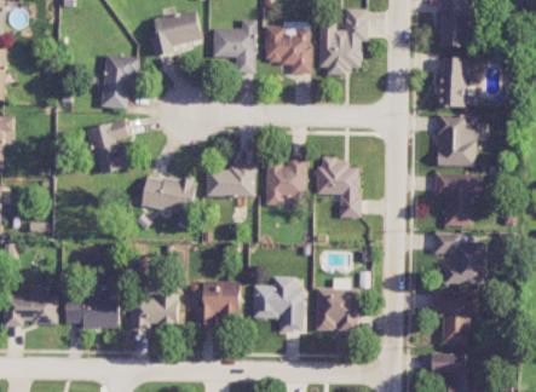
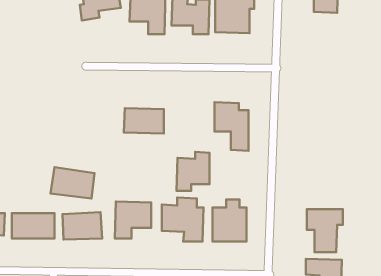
building: [100,56,134,110] -> none
building: [438,57,467,108] -> none
building: [437,115,476,167] -> none
building: [86,120,128,175] -> none
building: [264,157,305,206] -> [177,152,210,191]
building: [434,173,483,227] -> none
building: [140,175,195,214] -> [51,167,94,198]
building: [433,232,484,286] -> none

